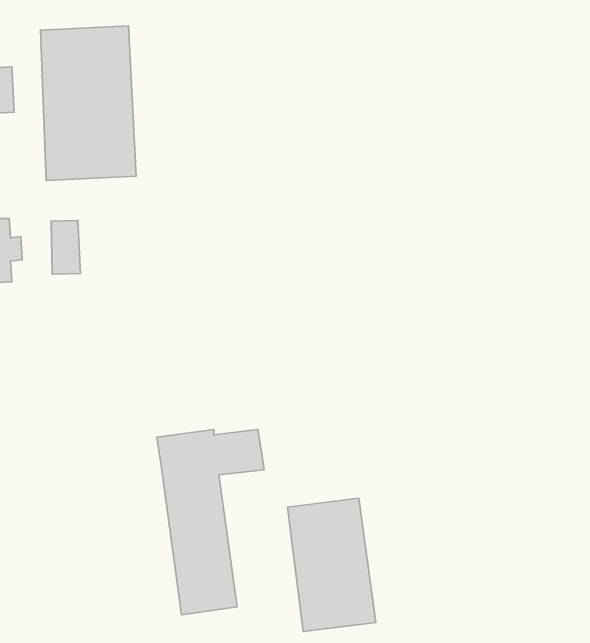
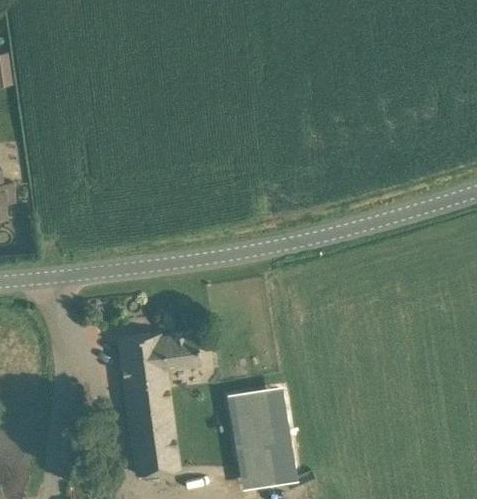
building: [40,26,136,181] -> none
building: [51,221,80,274] -> none

